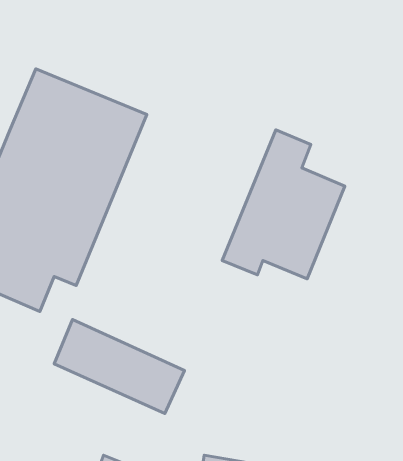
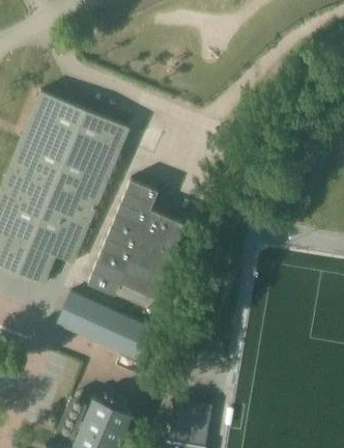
building: [222,130,345,279] -> [88,179,185,298]

